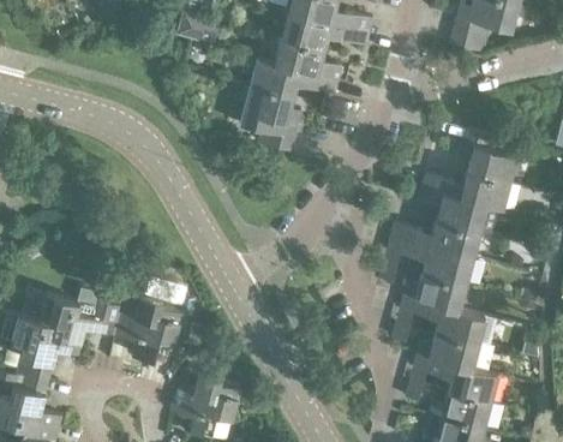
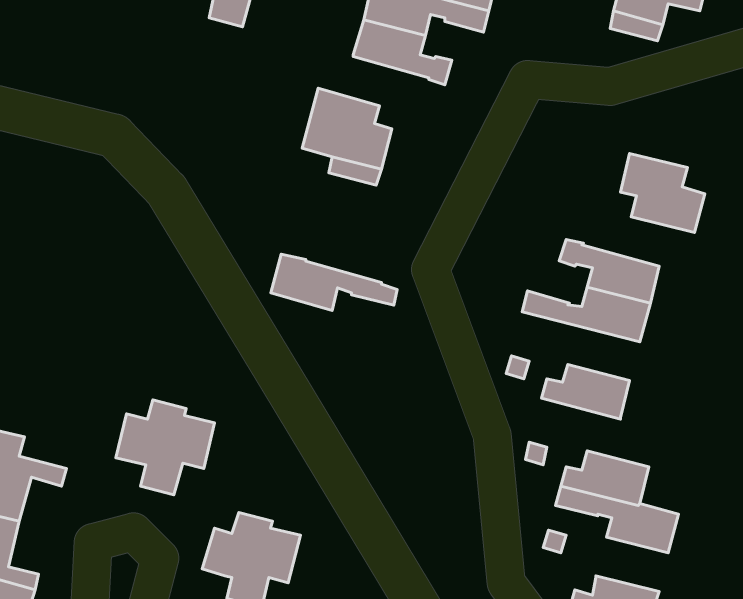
building: [251,58,337,96] -> [271,254,397,311]
building: [420,172,508,210] -> none
building: [387,237,471,283] -> none
building: [40,294,120,344] -> none
building: [400,295,496,346] -> none
building: [430,390,490,428] -> none

